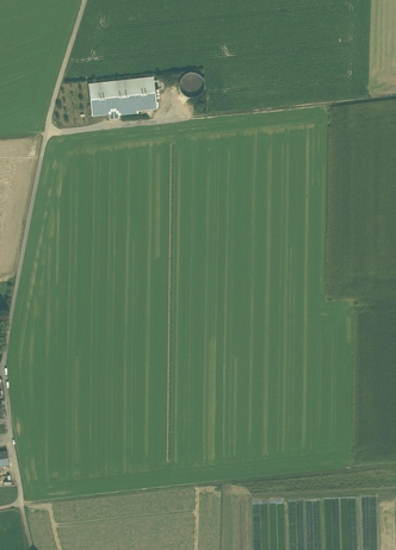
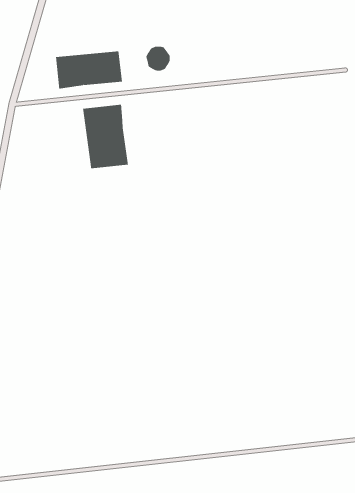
building: none -> [83,104,128,169]

